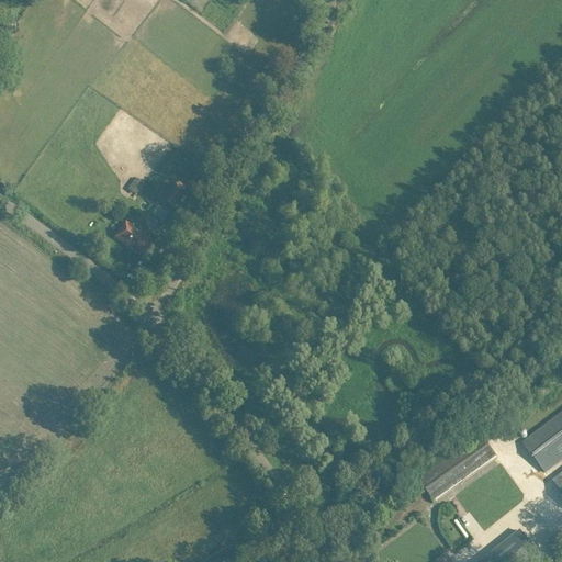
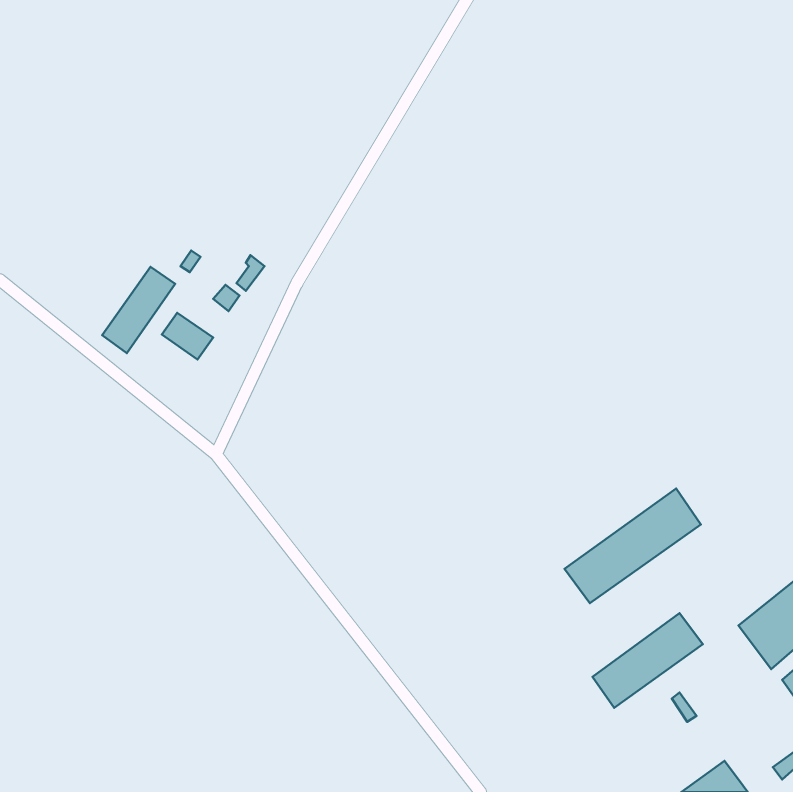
building: none -> [102,267,175,353]
building: none -> [564,488,701,603]

